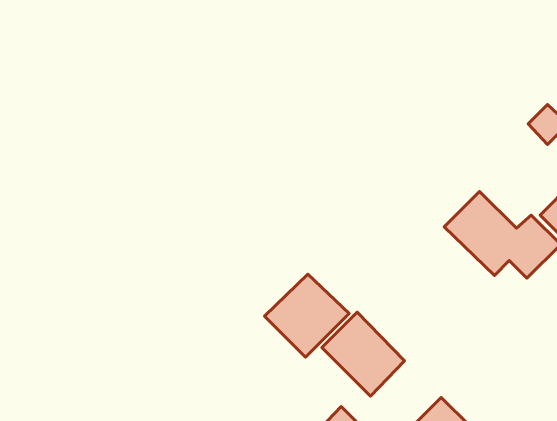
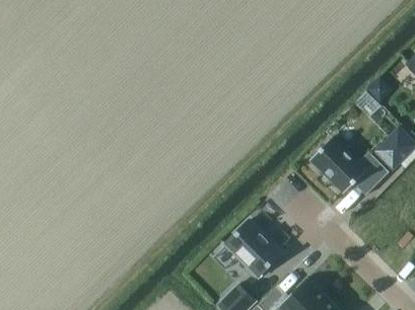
building: [264,274,349,357] -> none

